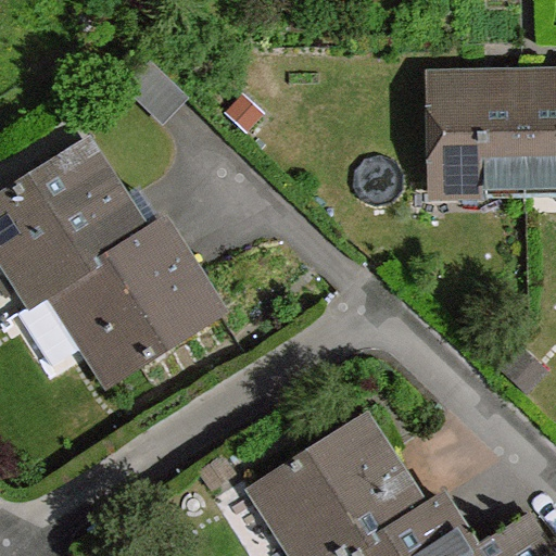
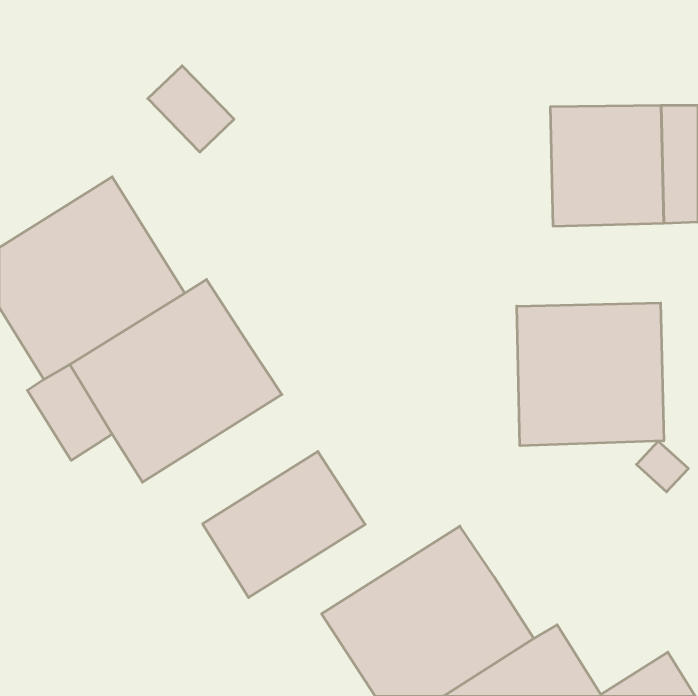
building: none -> [517,303,664,446]
building: none -> [203,451,365,598]

